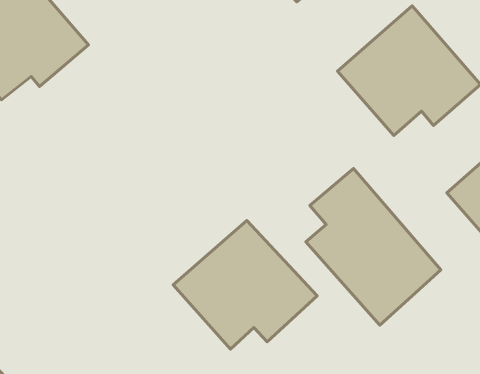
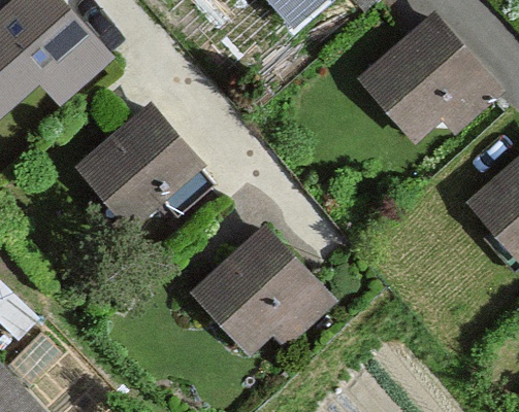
building: none -> [74,103,204,229]
building: [306,169,441,325] -> none

